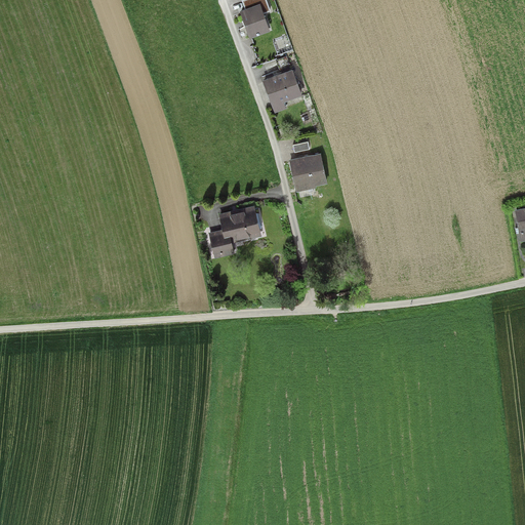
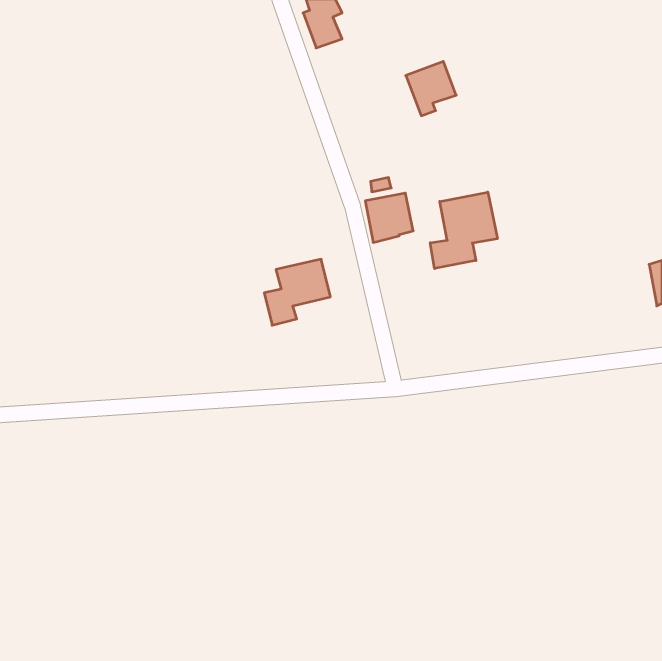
building: [262,69,302,112] -> [406,61,456,116]
building: none -> [430,192,497,269]

